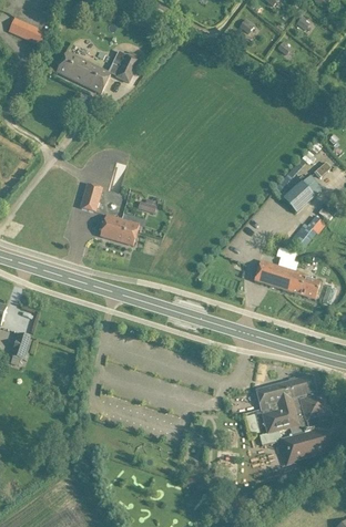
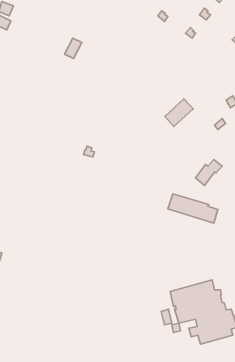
building: [57,51,110,92] -> none
building: [283,175,320,211] -> [165,99,193,126]
building: [80,183,139,245] -> none

